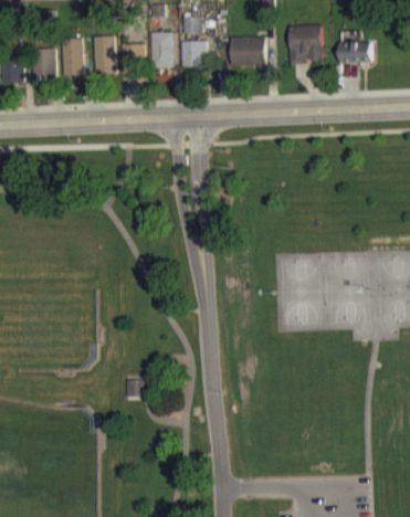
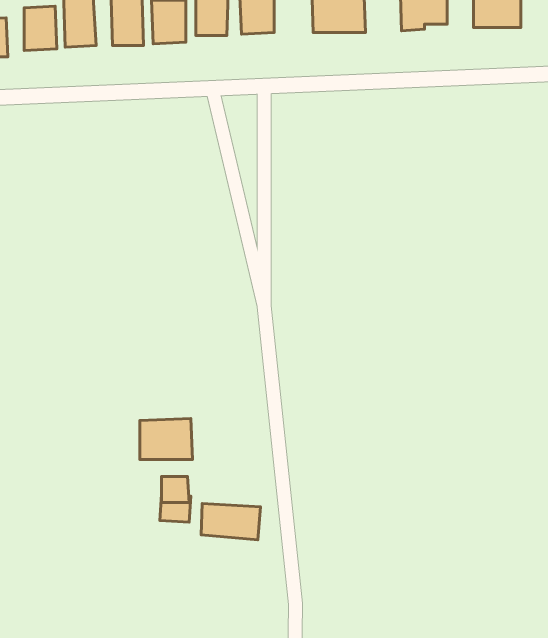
building: none -> [140,419,192,460]
building: none -> [201,504,260,540]

